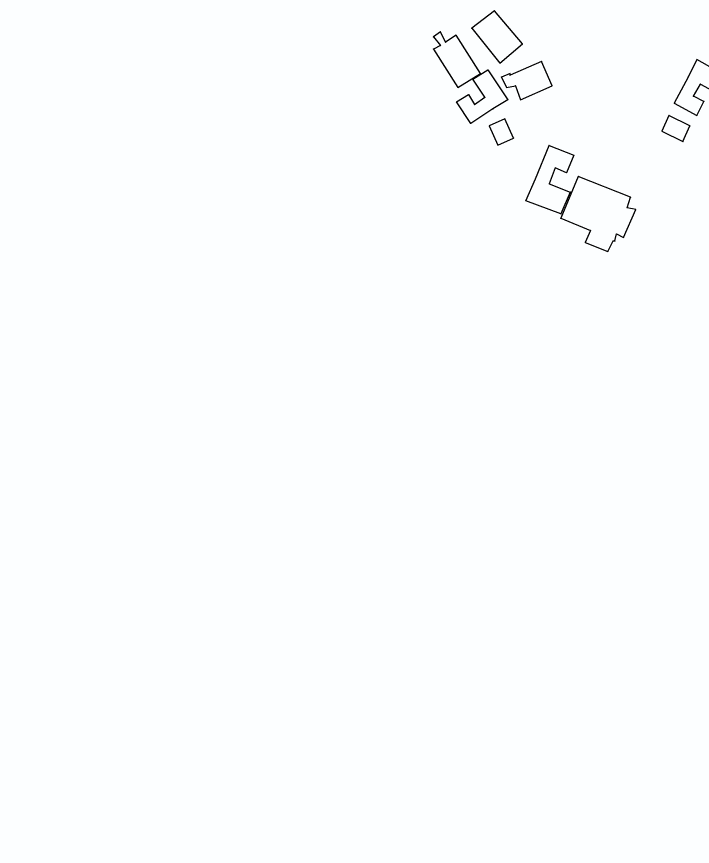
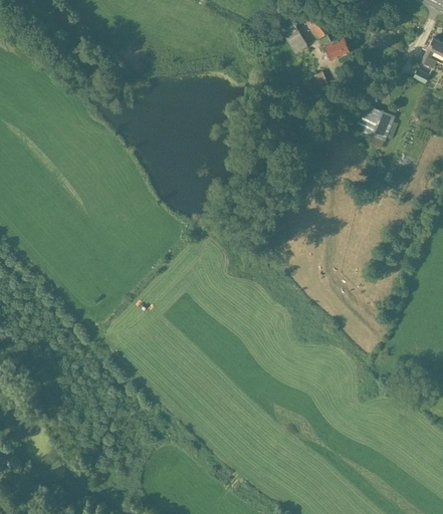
building: [457,70,508,123] -> none
building: [526,145,574,214] -> none

